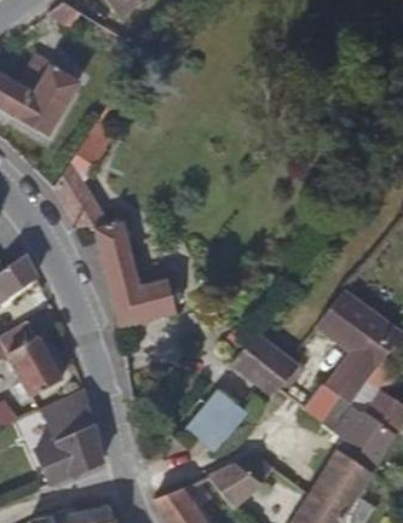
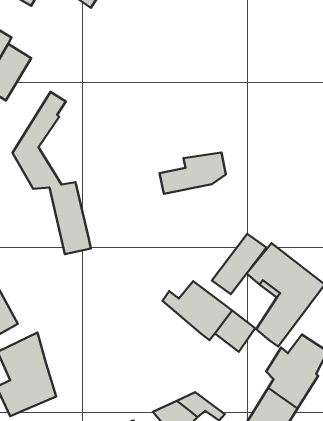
building: [113,280,186,326] -> [159,153,226,194]
building: none -> [212,234,266,294]
building: [186,390,246,453] -> none

